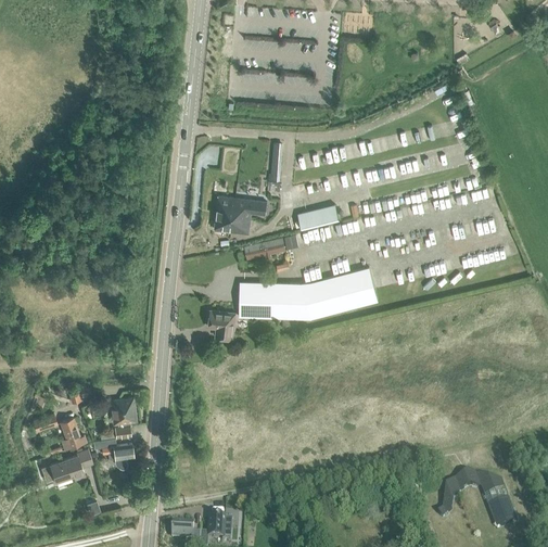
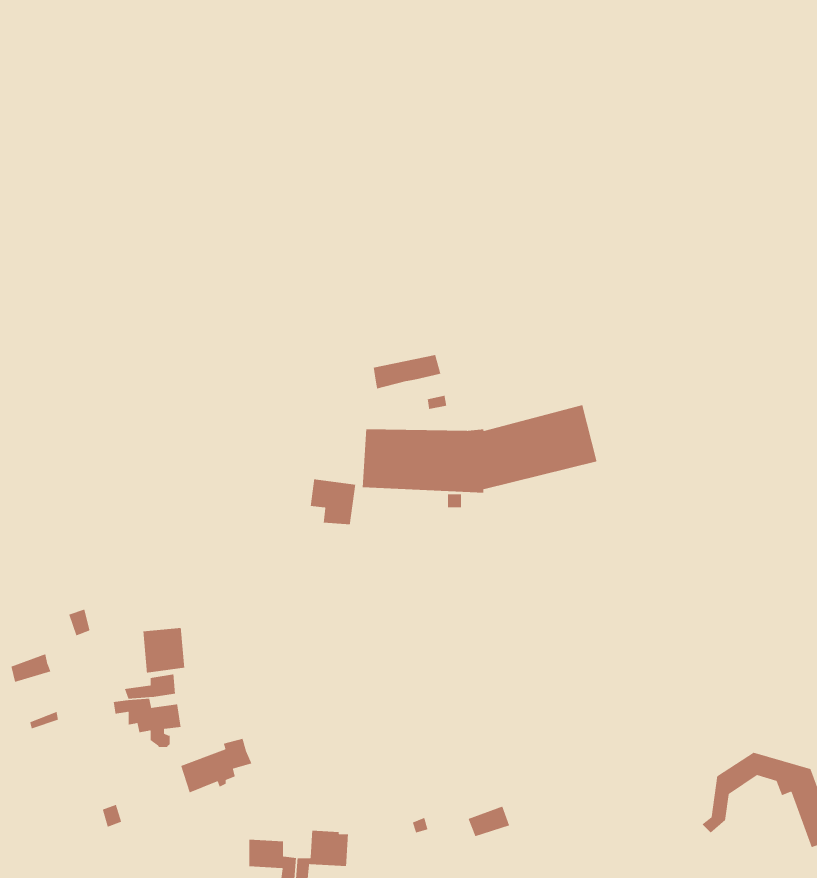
building: [215,195,267,233] -> none
building: [297,204,339,230] -> none
building: [61,418,82,449] -> none
building: [51,448,93,481] -> [180,738,252,793]

